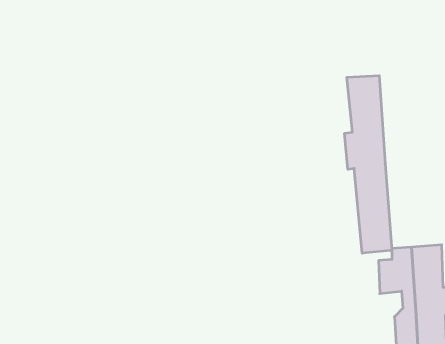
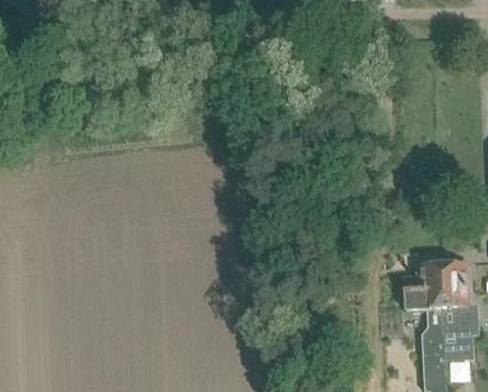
building: [345,76,392,253] -> none

